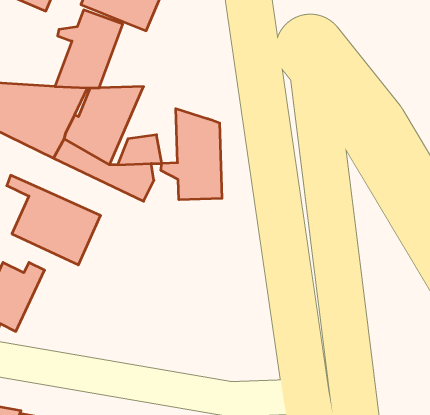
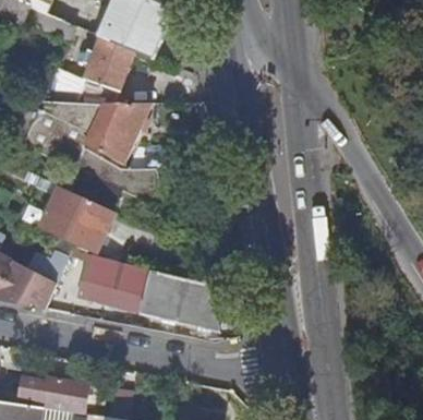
building: [161,109,222,200] -> none
building: none -> [77,254,218,331]

